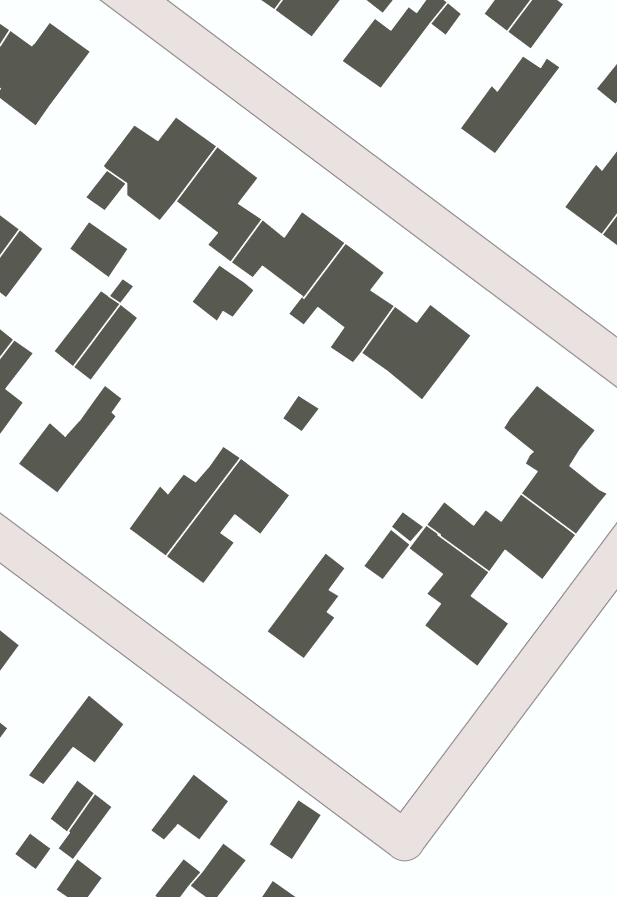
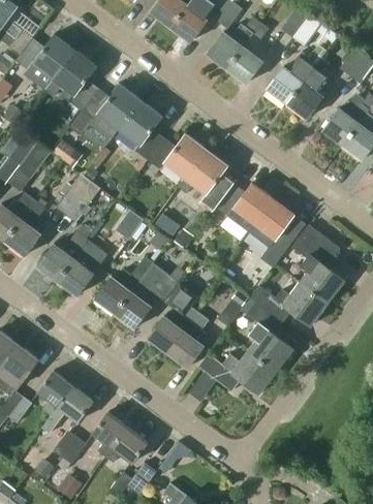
building: none -> [226,48,262,85]
building: none -> [44,50,97,109]
building: none -> [286,58,333,119]
building: [191,265,255,322] -> [115,211,148,241]
building: none -> [248,198,299,267]
building: none -> [57,241,107,296]
building: none -> [147,282,198,353]
building: none -> [198,350,277,395]
building: none -> [37,371,73,416]
building: none -> [92,412,128,458]

